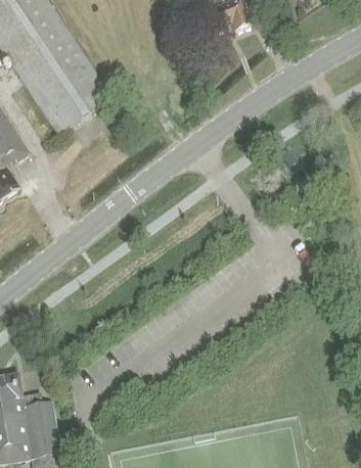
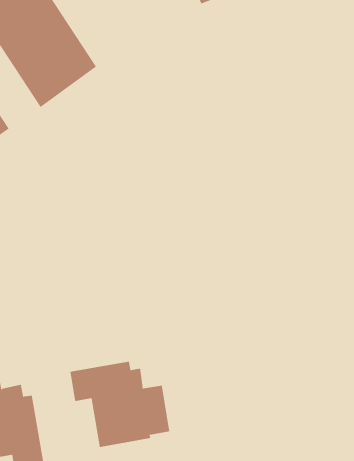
building: none -> [70,361,170,448]

